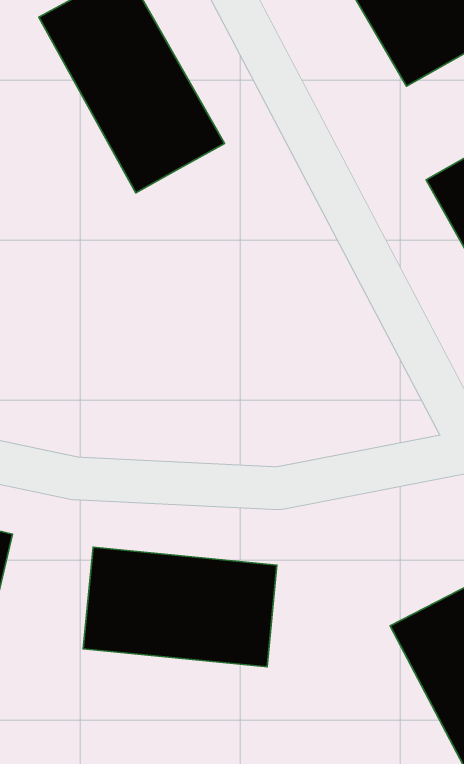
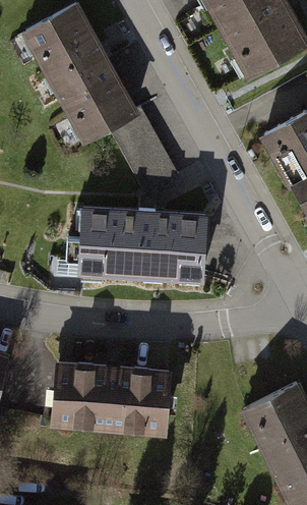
building: none -> [110,113,174,191]
building: none -> [76,212,207,281]

